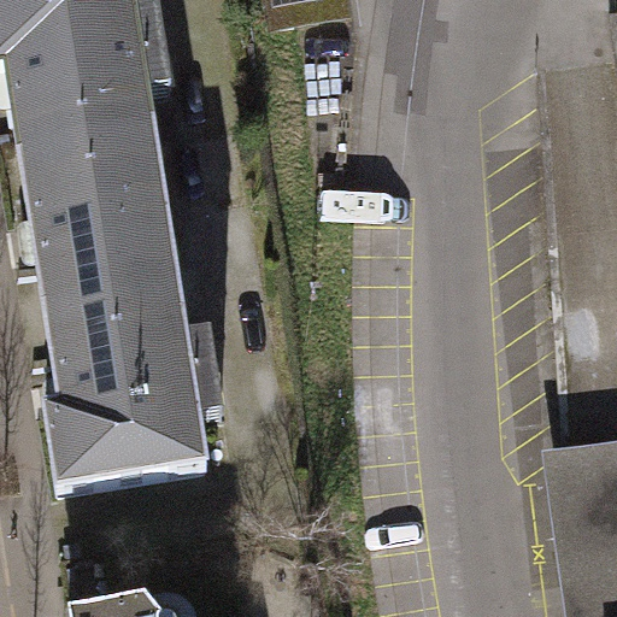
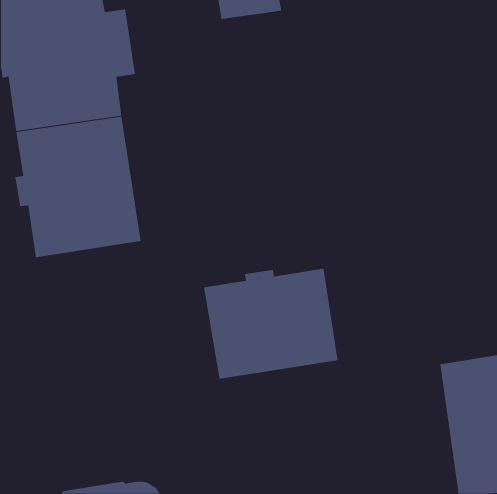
building: [46,298,223,490] -> none
building: none -> [204,268,338,380]

